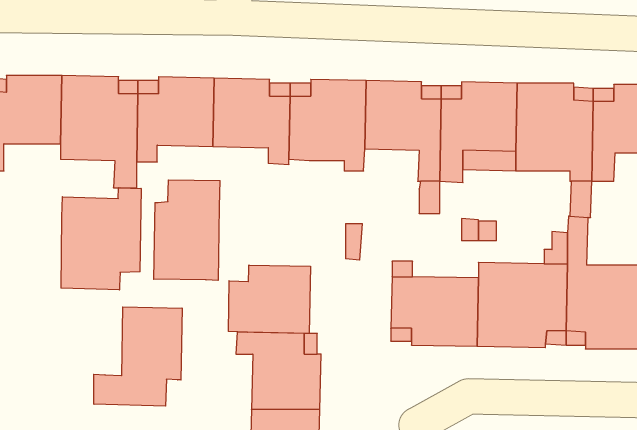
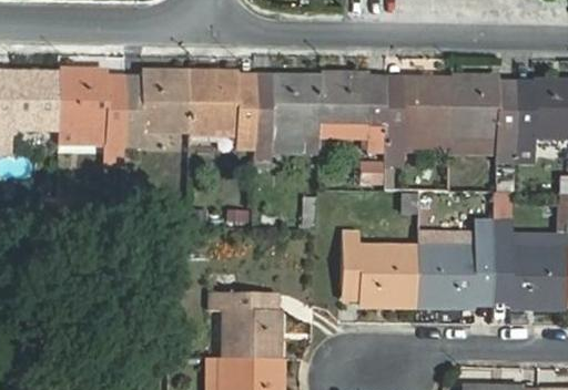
building: [154,180,220,280] -> none
building: [61,188,141,290] -> none
building: [228,265,310,333] -> none
building: [94,307,182,406] -> none

